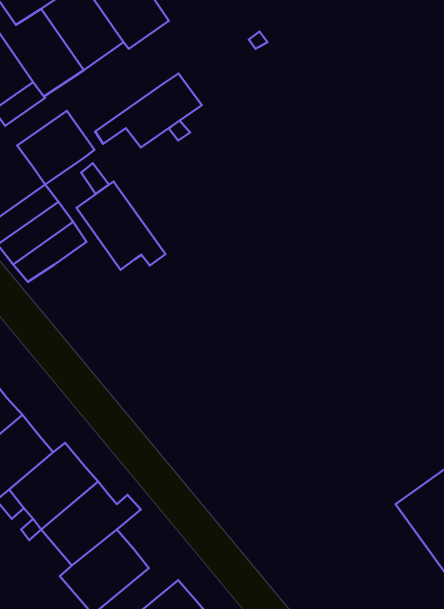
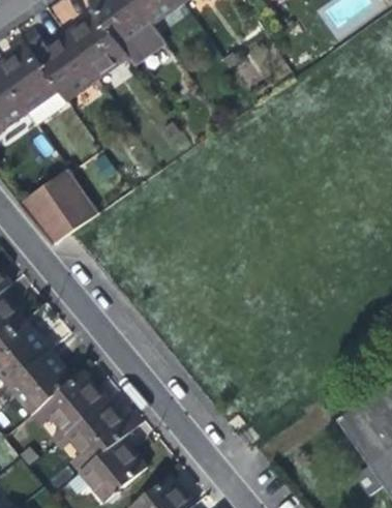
building: [95,74,202,148] -> none
building: [17,111,95,185] -> none
building: [76,181,166,270] -> none

